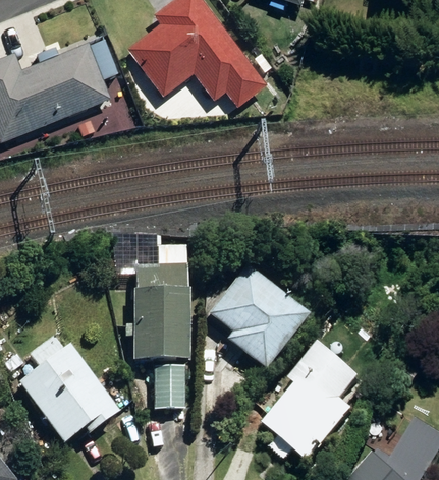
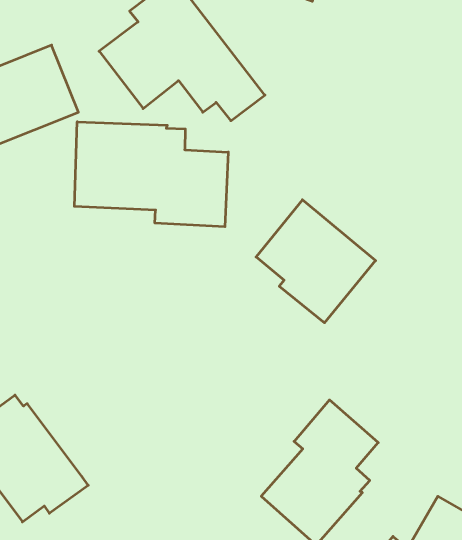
building: none -> [74,122,228,227]
building: [131,241,187,408] -> none
building: [206,263,306,366] -> [256,200,376,323]

